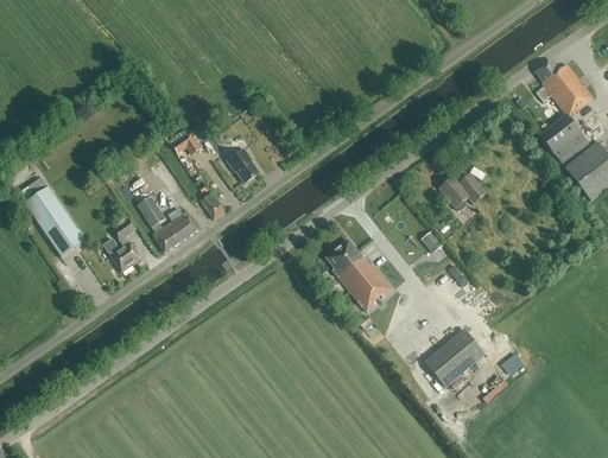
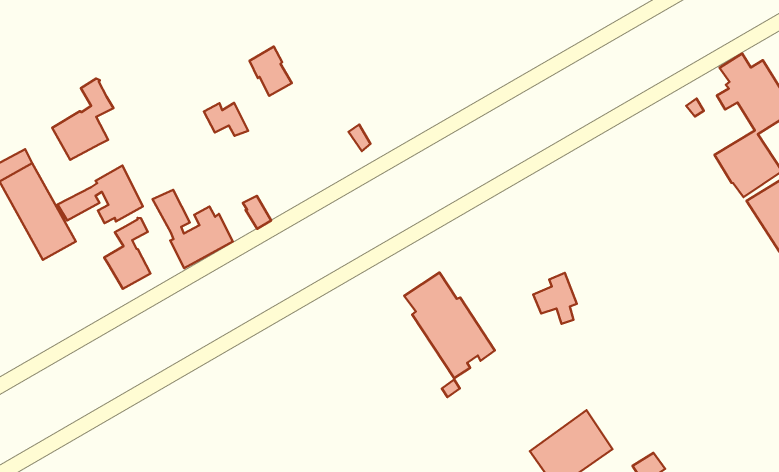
building: none -> [52,79,113,160]
building: [227,148,259,184] -> [249,47,292,96]
building: [438,173,484,211] -> none
building: none -> [58,166,143,223]

